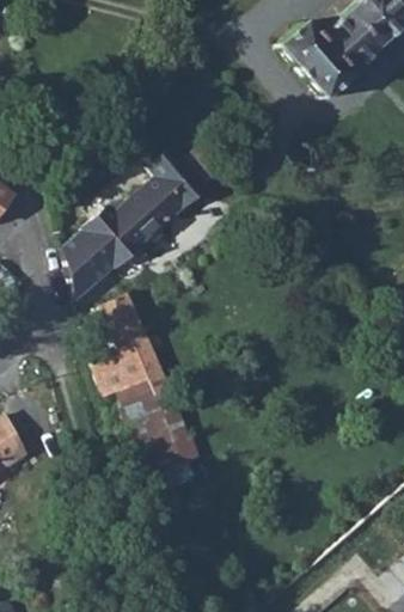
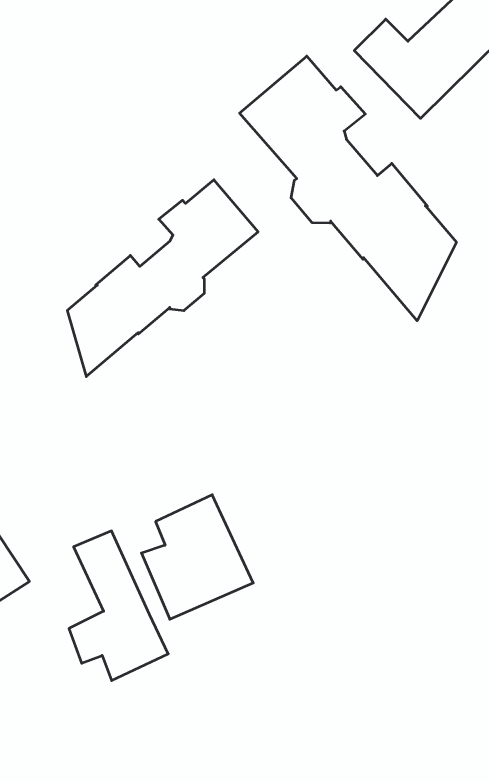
building: none -> [240,56,456,321]
building: [94,294,170,408] -> [69,531,168,681]

